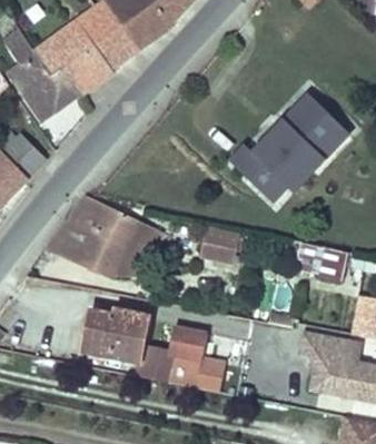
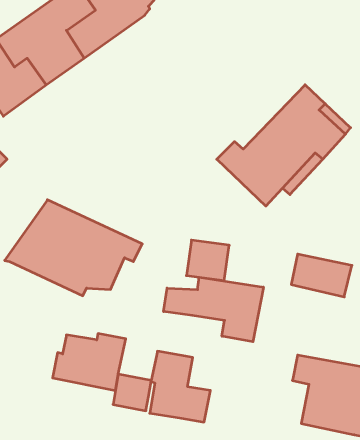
building: none -> [164,277,263,342]

